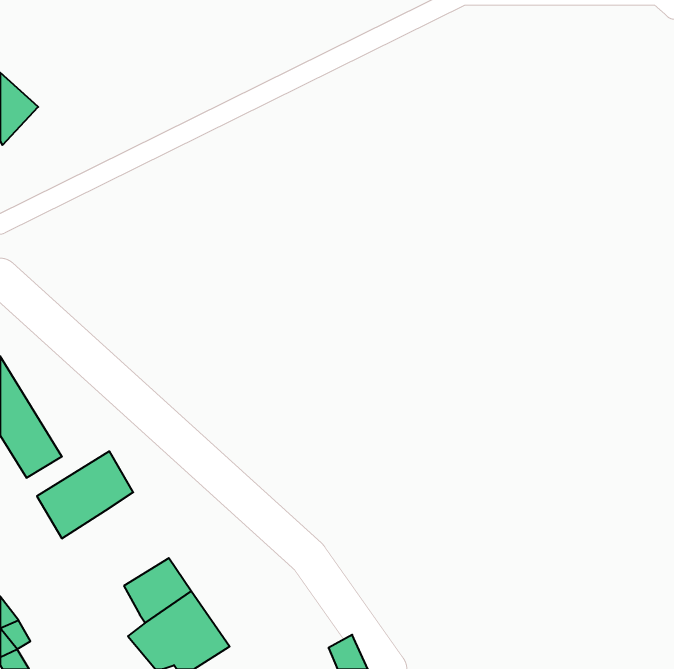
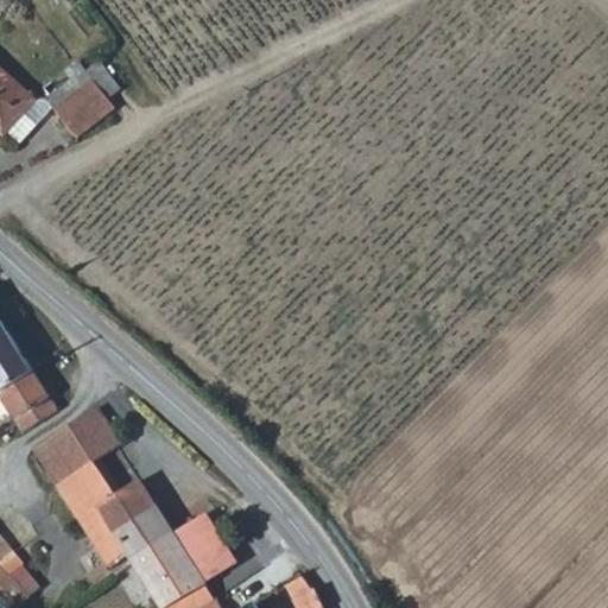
building: none -> [48,84,106,144]
building: none -> [56,460,152,565]
building: none -> [172,513,234,582]

